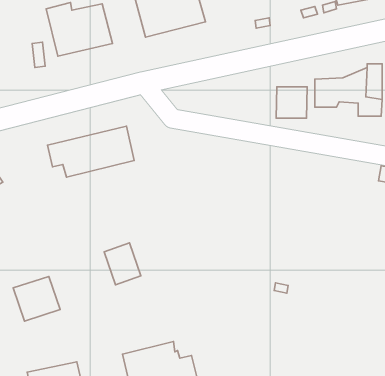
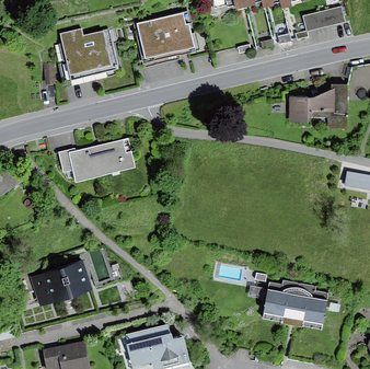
building: [276,87,307,118] -> none
building: [104,243,141,285] -> [60,258,92,295]
building: none -> [262,280,328,328]

